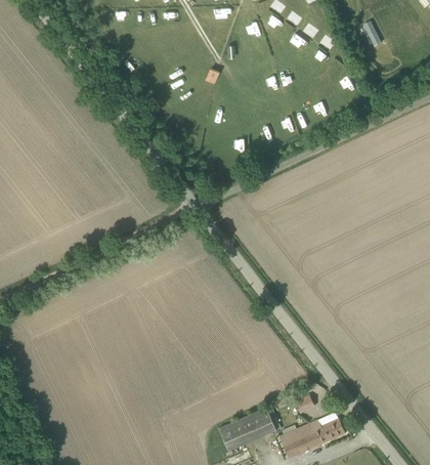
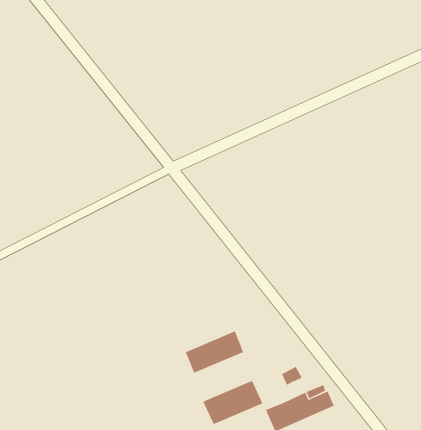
building: none -> [185,331,244,374]

